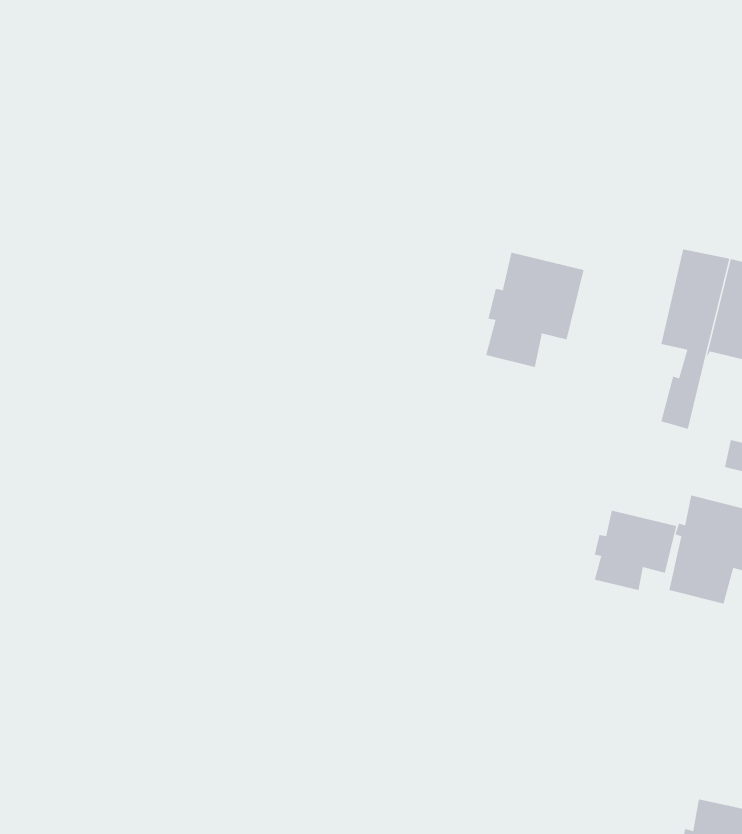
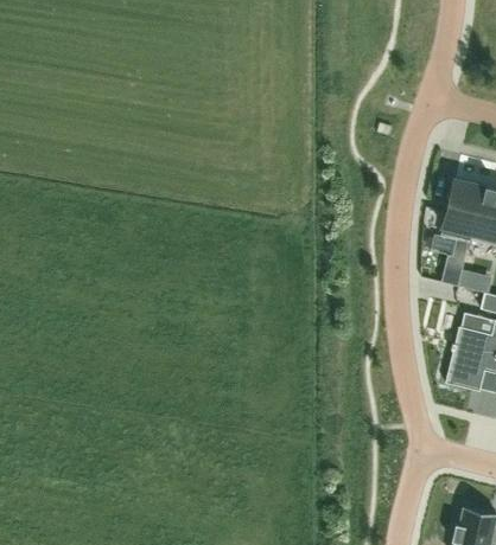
building: [486,252,584,368] -> none
building: [594,510,677,591] -> none

